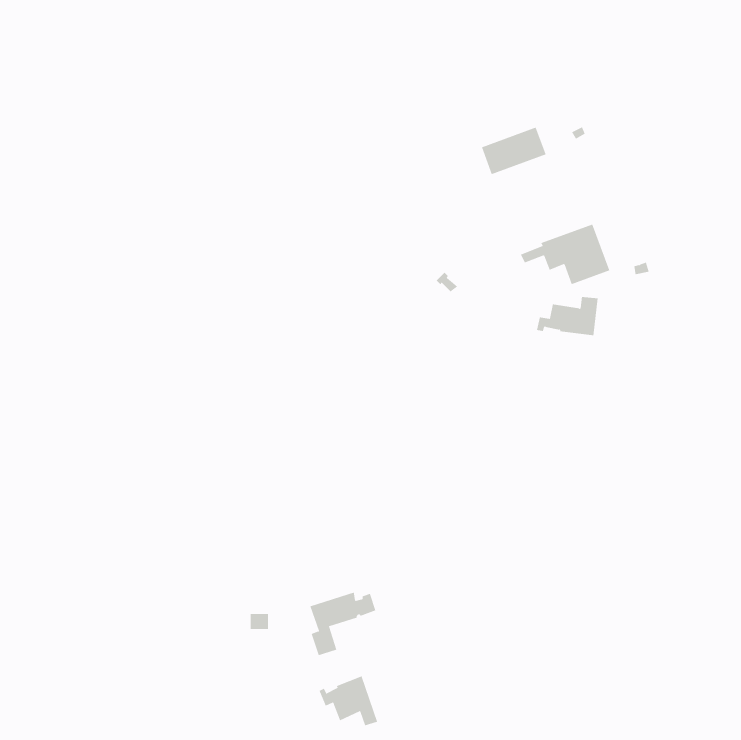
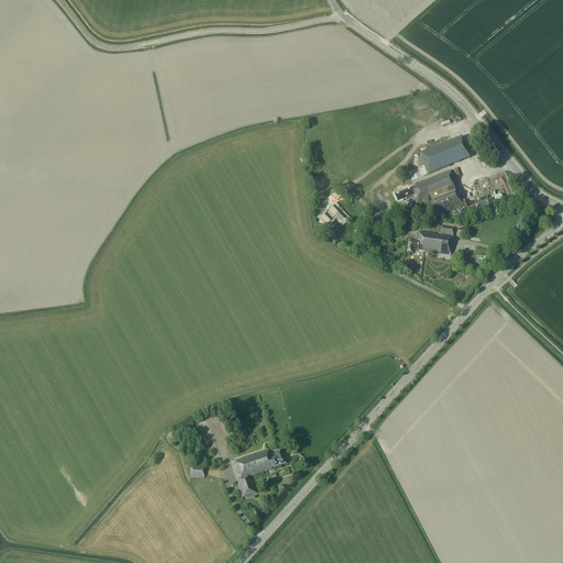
building: [481,127,546,175] -> [419,135,468,172]
building: [319,676,378,726] -> none

